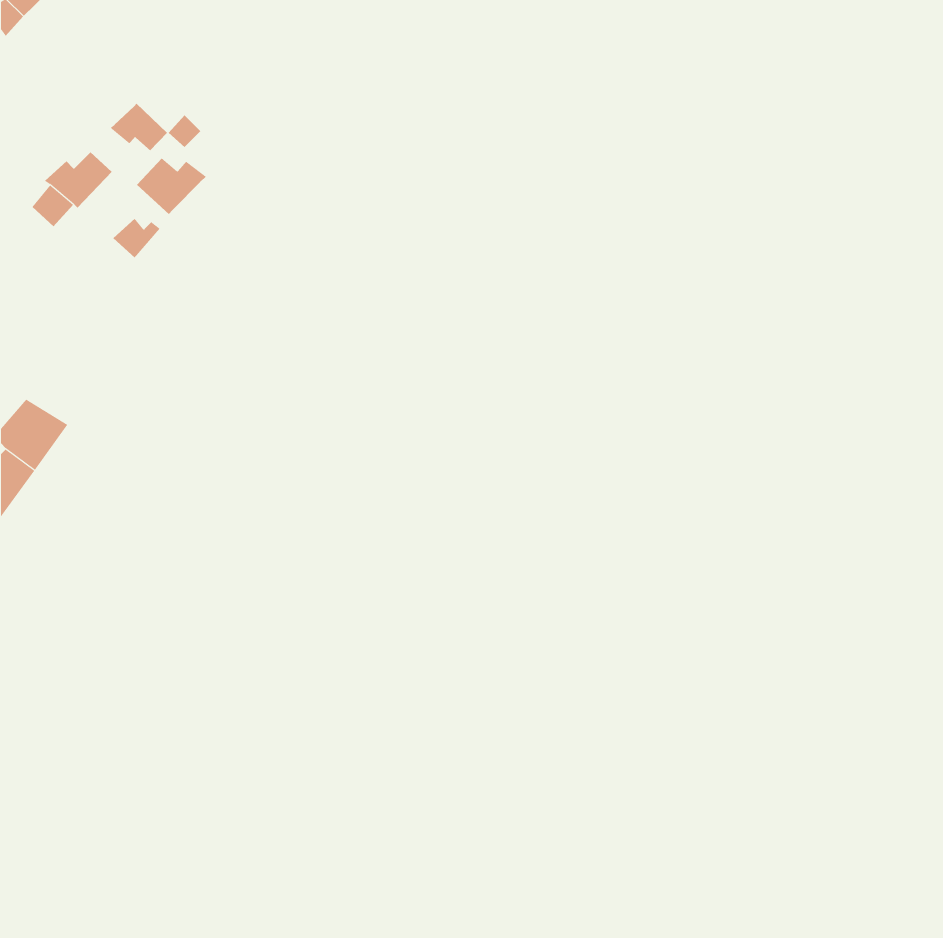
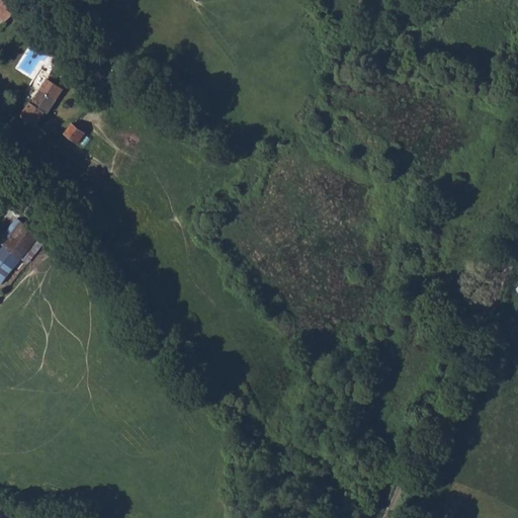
building: [109,103,168,151] -> none
building: [136,157,207,215] -> none

